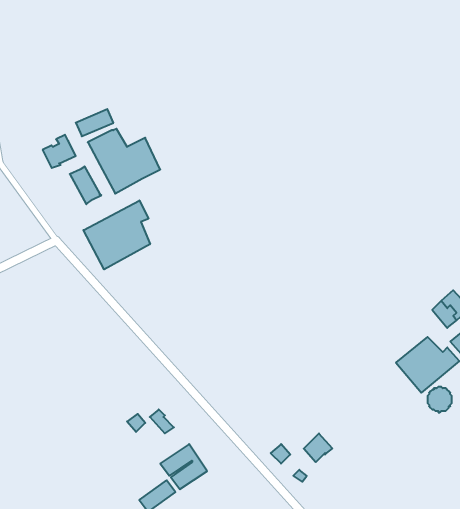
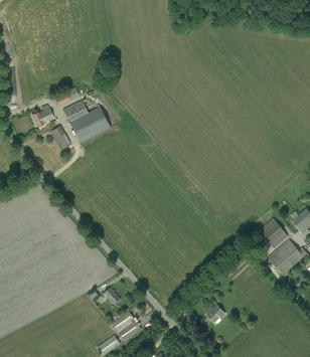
building: [83,200,150,269] -> none
building: none -> [259,217,287,246]

